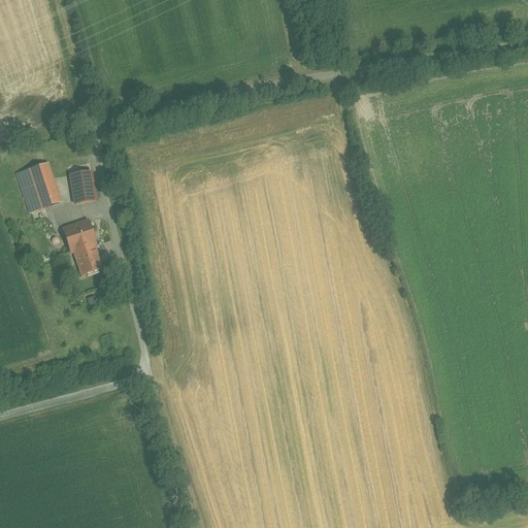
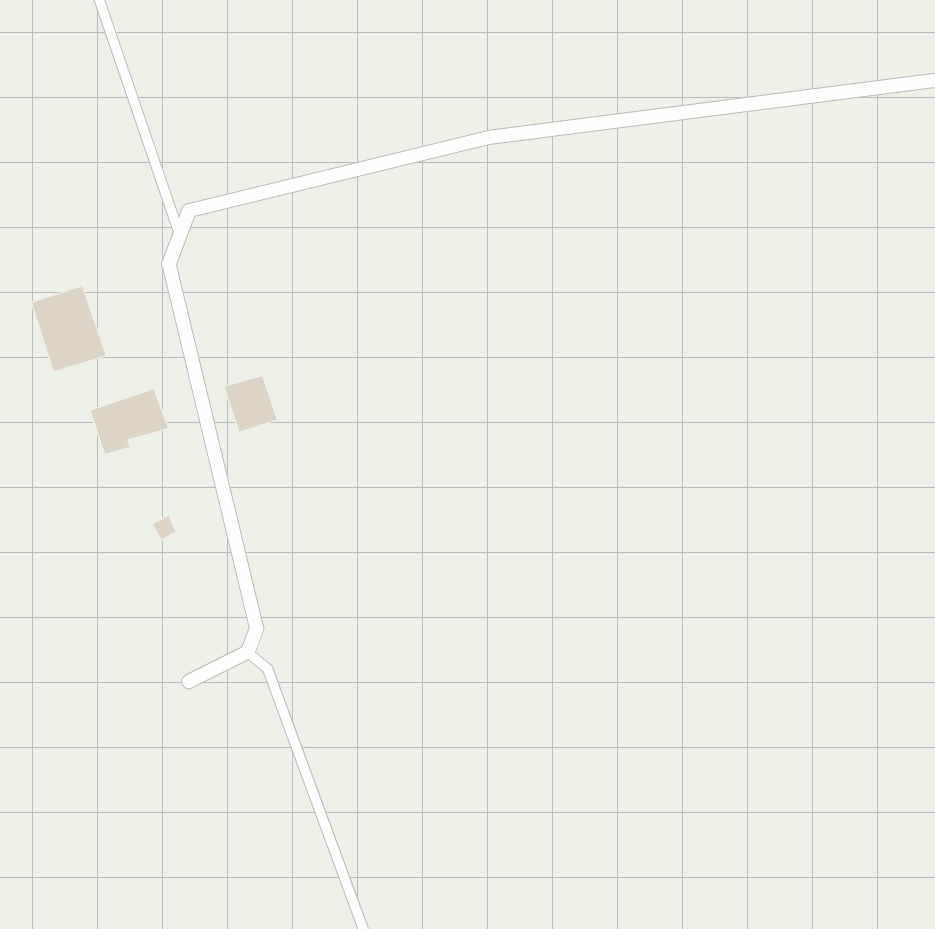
building: [69,168,95,201] -> none
building: [72,241,102,273] -> [224,376,277,432]

